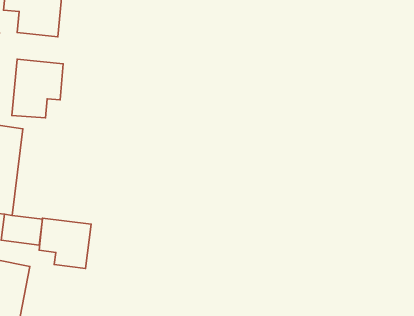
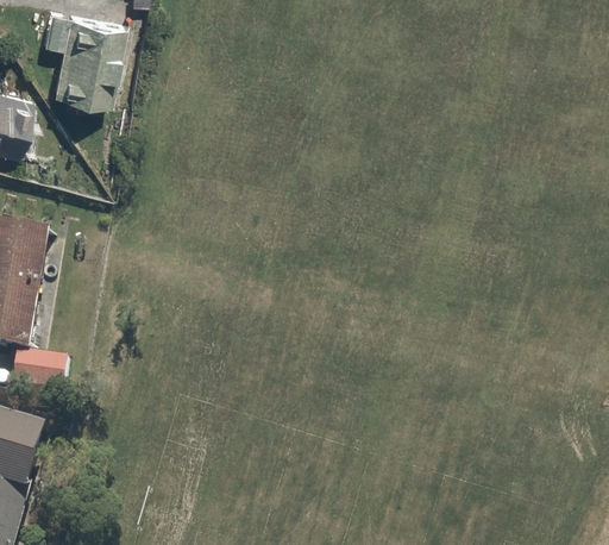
building: [12,59,63,118] -> none
building: [39,218,91,268] -> none

